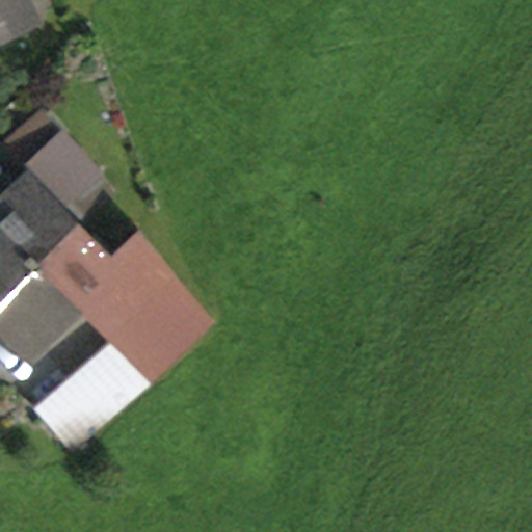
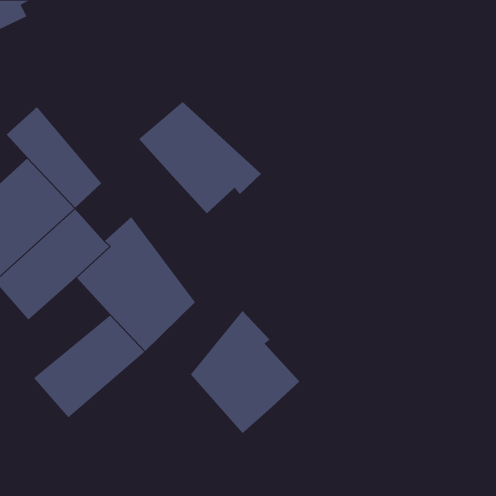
building: none -> [138,101,262,214]
building: none -> [190,310,300,434]

